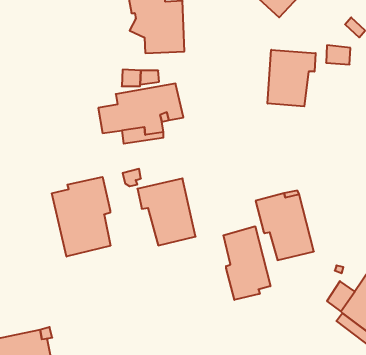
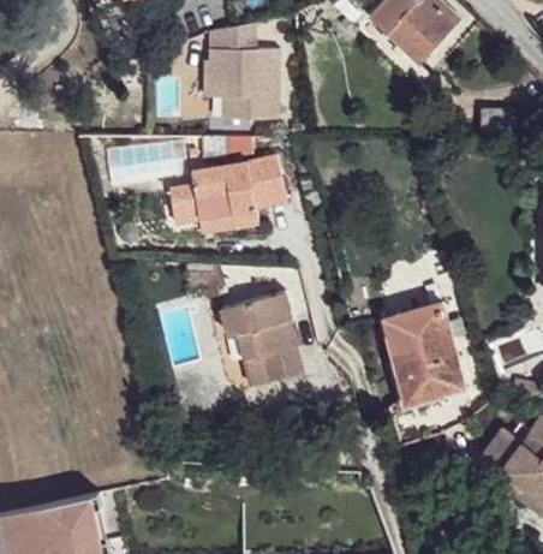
building: [268,50,316,106] -> none
building: [52,177,110,257] -> none
building: [223,226,270,300] -> none

